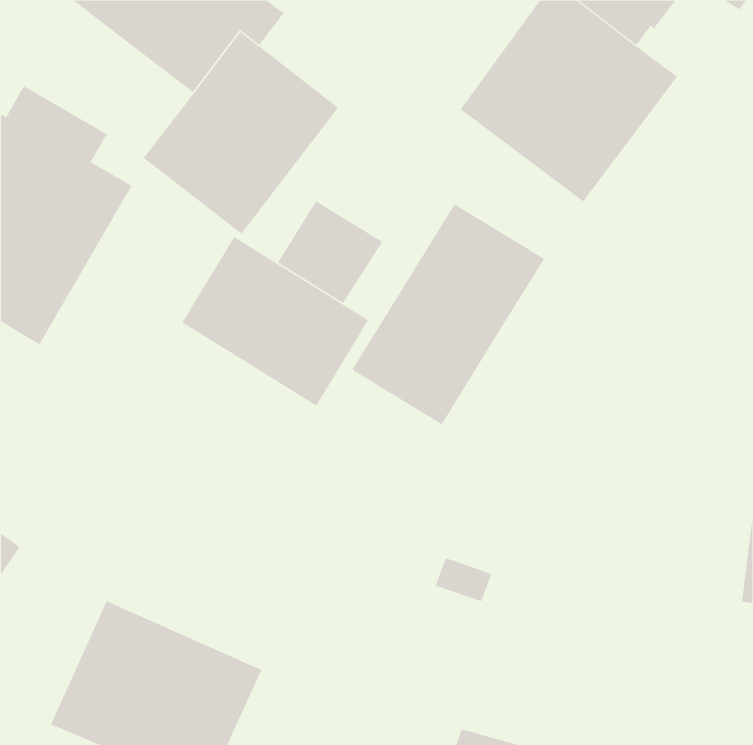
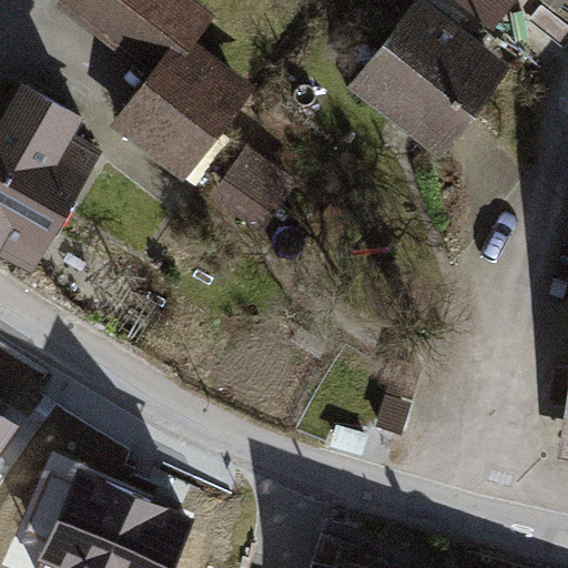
building: [351,203,545,425] -> none
building: [181,236,369,406] -> none

